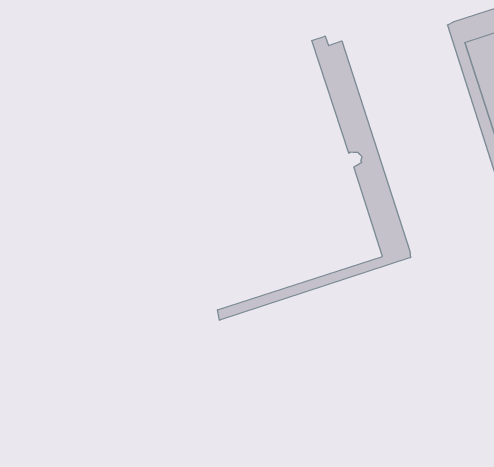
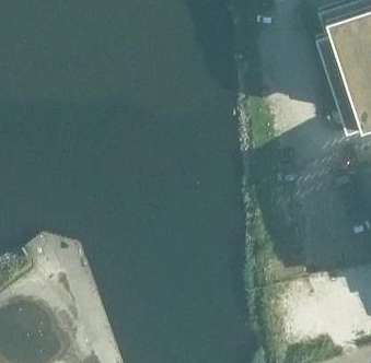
building: [218,36,411,320] -> none

